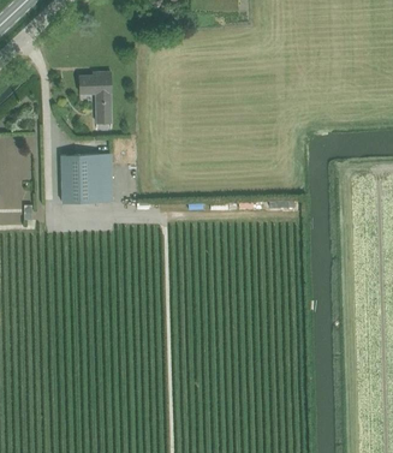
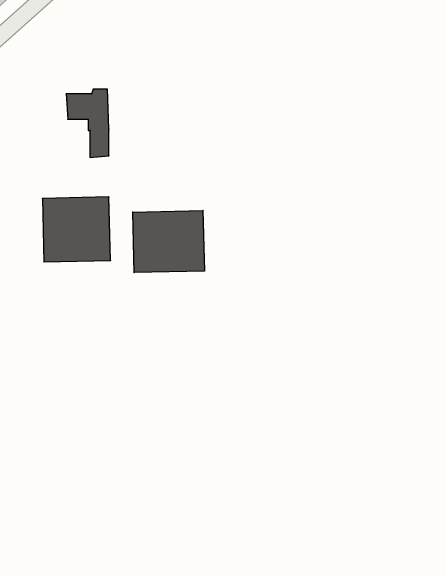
building: none -> [133,210,204,273]

